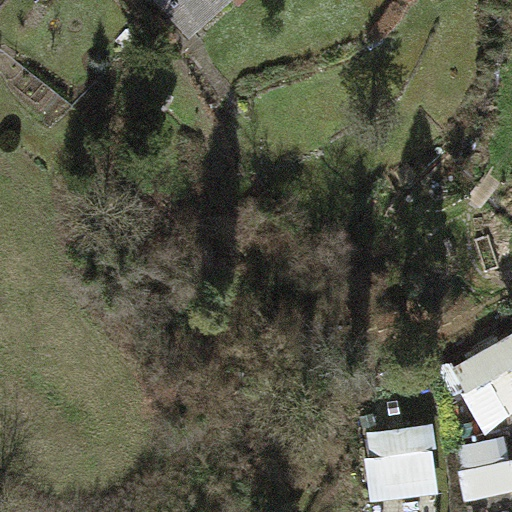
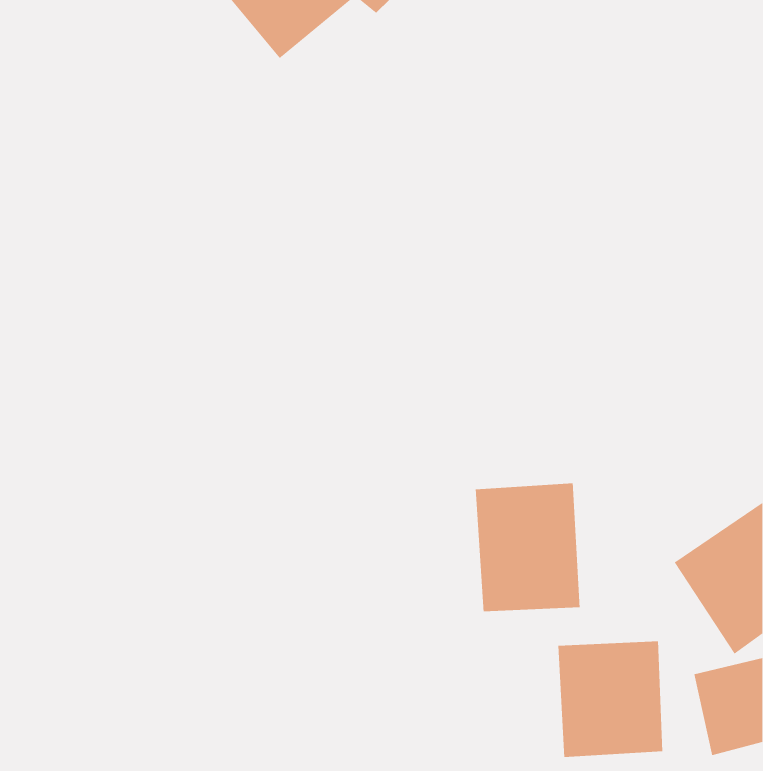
building: none -> [475,482,580,612]

